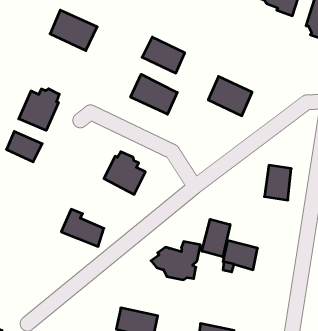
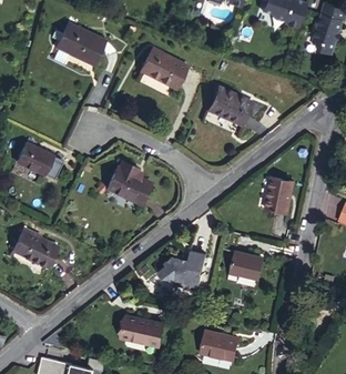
building: [131,74,177,114] -> none
building: [19,89,59,130] -> none
building: [61,209,104,246] -> [13,229,55,265]
building: [202,219,230,257] -> none

